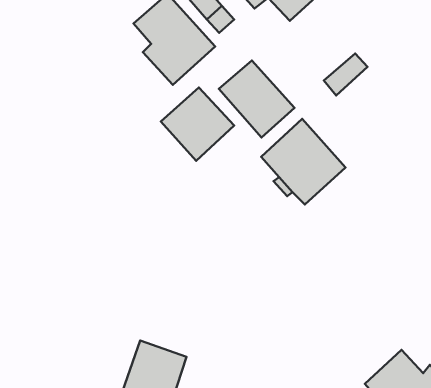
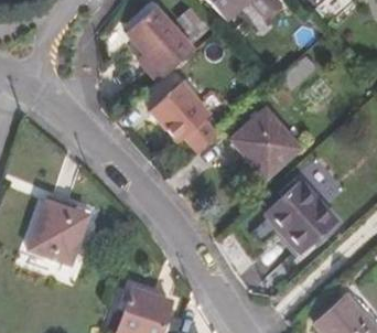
building: [219,60,295,138] -> none
building: none -> [266,180,337,253]
building: none -> [29,200,89,264]

